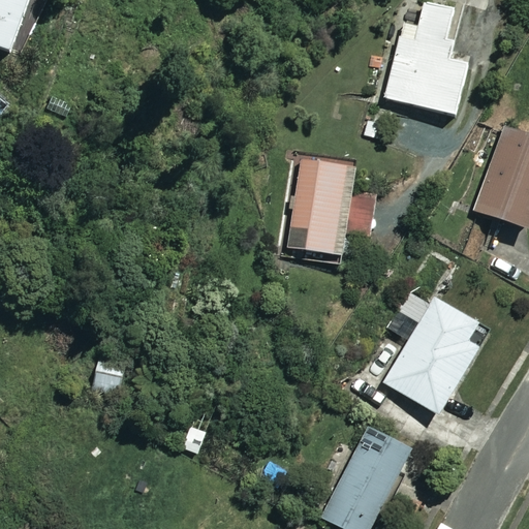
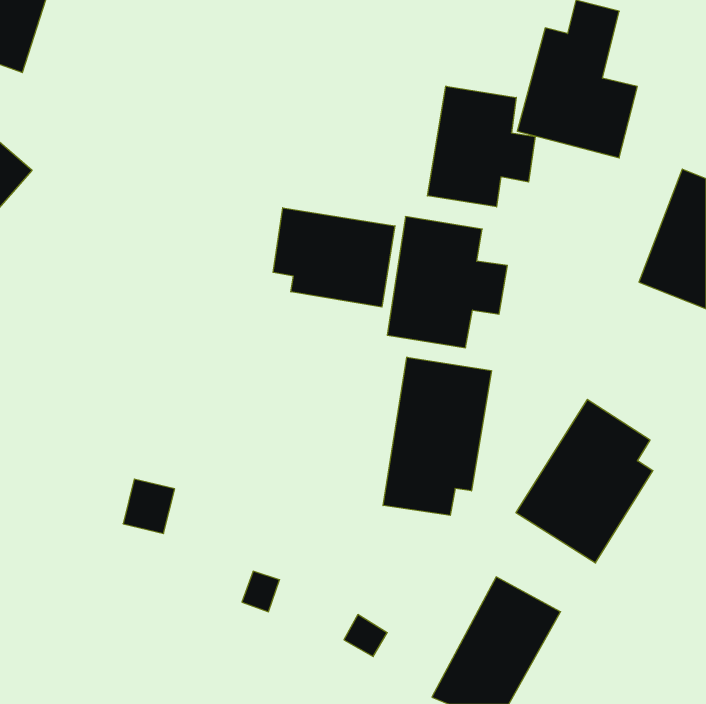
building: none -> [427,86,535,207]
building: none -> [273,208,395,307]
building: none -> [383,357,491,515]

